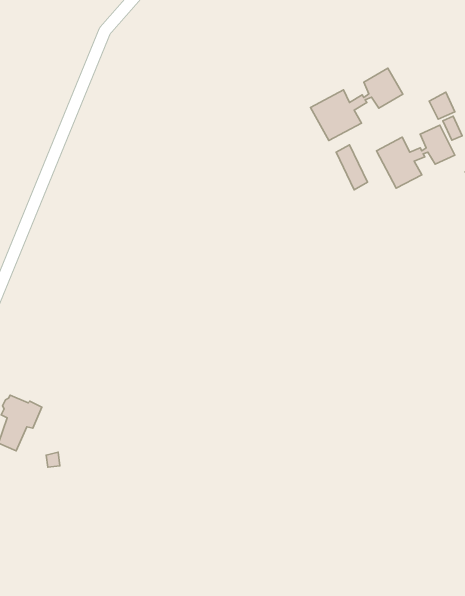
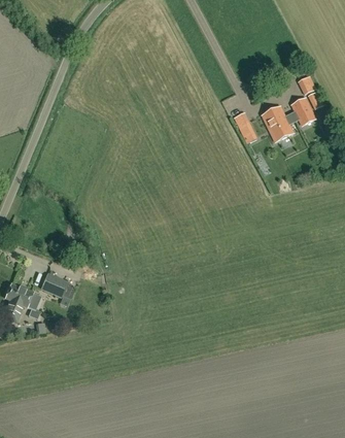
building: [311,68,403,141] -> none
building: none -> [40,272,68,297]

